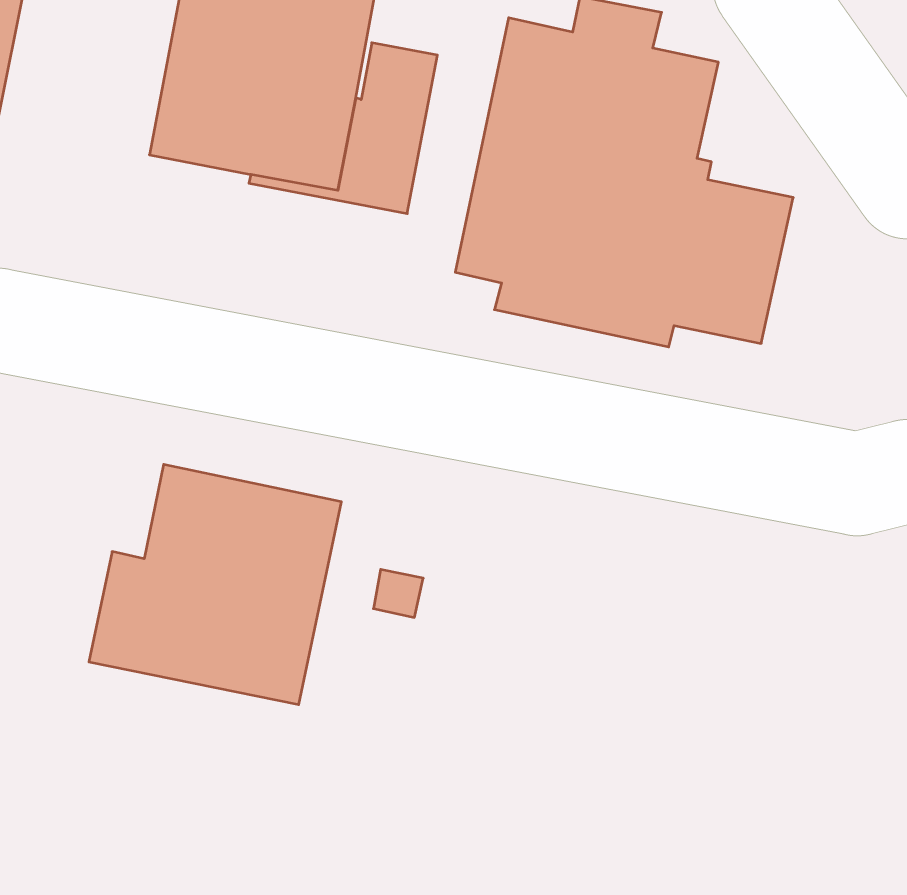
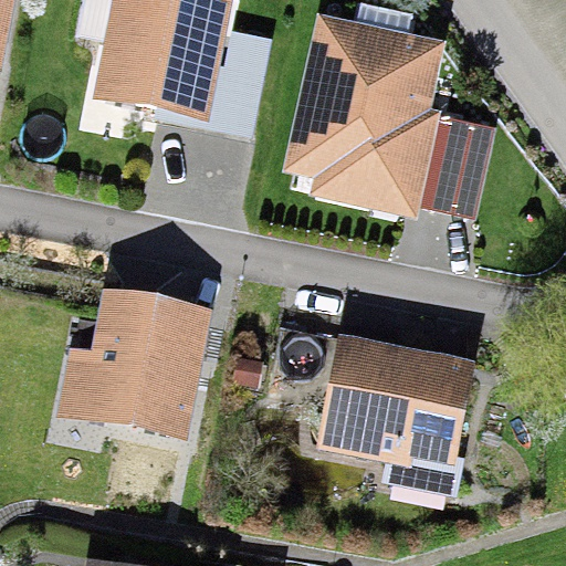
building: none -> [315,335,475,494]

